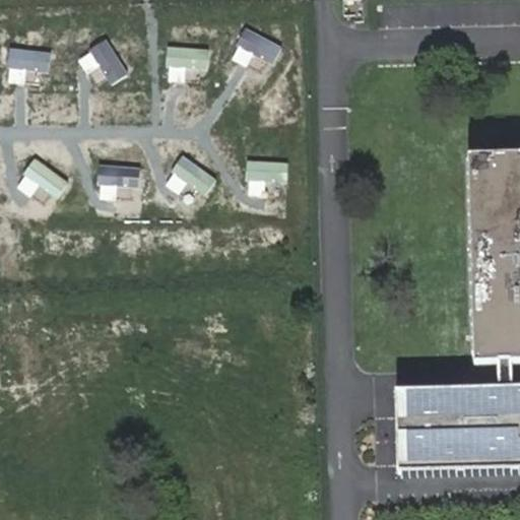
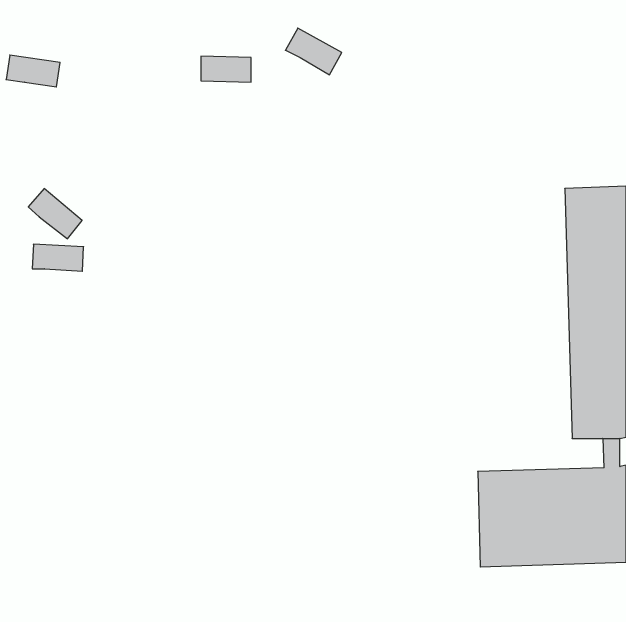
building: [90,39,129,85] -> none
building: [170,153,215,194] -> none
building: [248,158,289,180] -> none
building: [98,162,140,185] -> [32,244,84,271]

